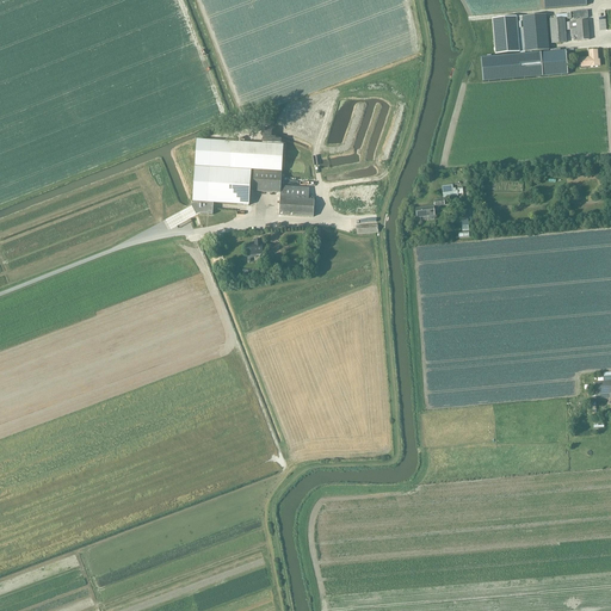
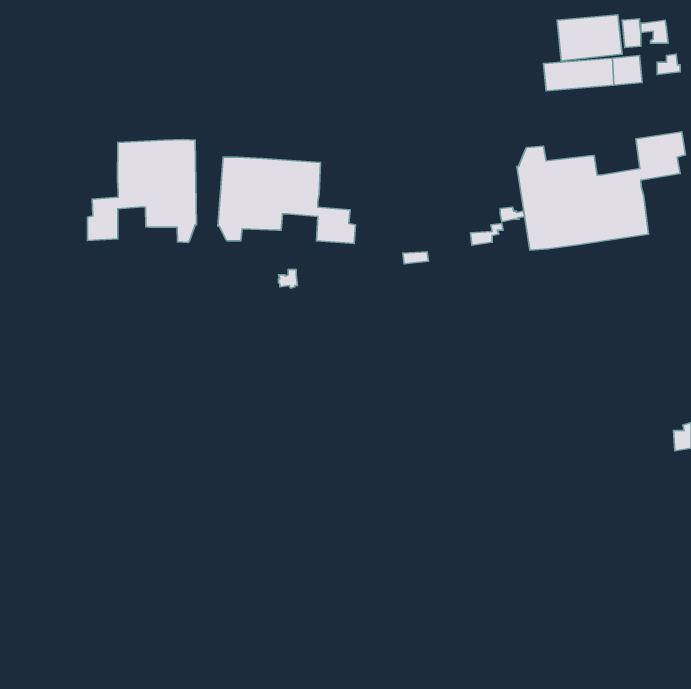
building: none -> [517,132,685,250]
building: none -> [87,139,196,243]

